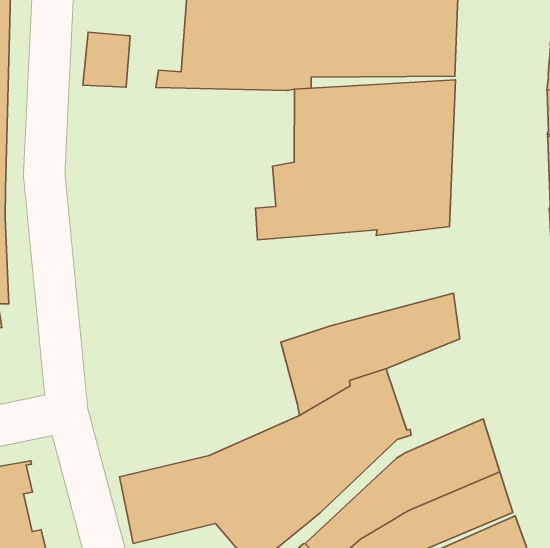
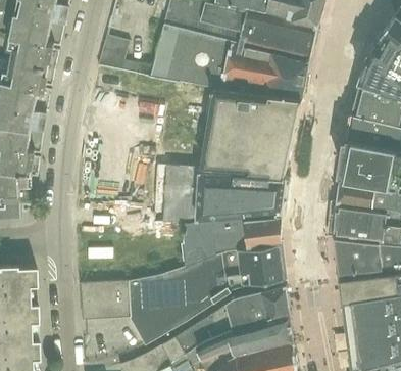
building: none -> [153,165,286,225]
building: none -> [238,243,286,285]

